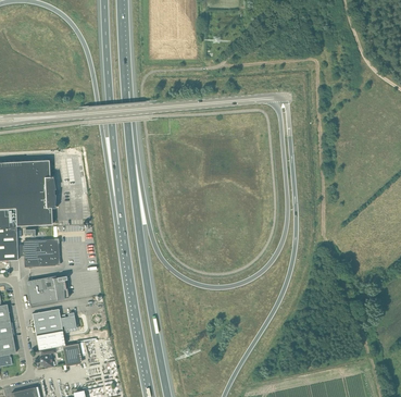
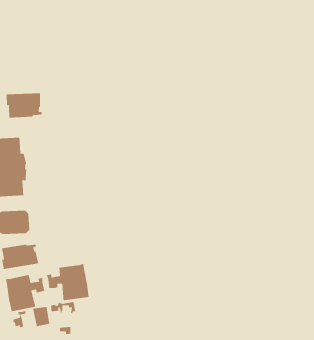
building: none -> [6,93,42,118]
building: none -> [46,263,89,301]

